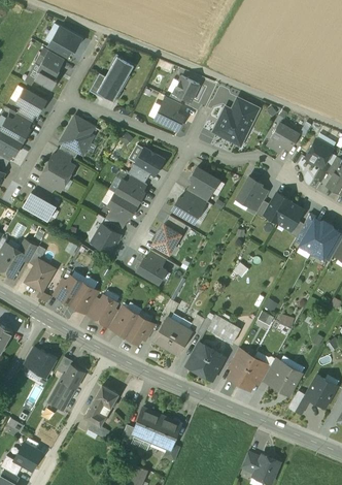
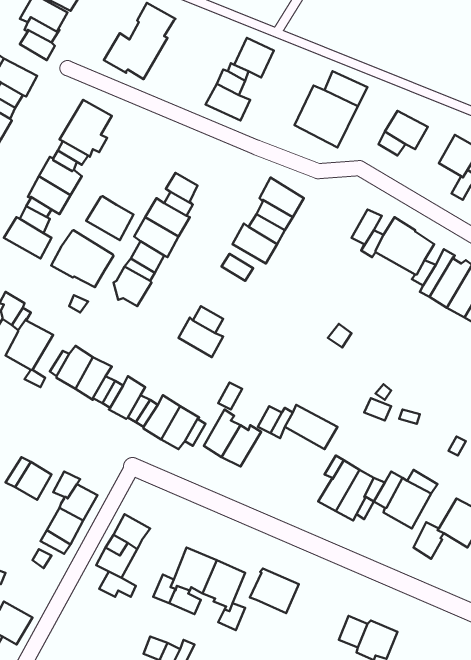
building: [135,149,164,175] -> none
building: [236,177,262,206] -> none
building: none -> [86,196,133,240]
building: none -> [51,230,114,287]
building: [152,225,180,254] -> none
building: [185,343,224,379] -> none
building: none -> [250,569,299,613]

